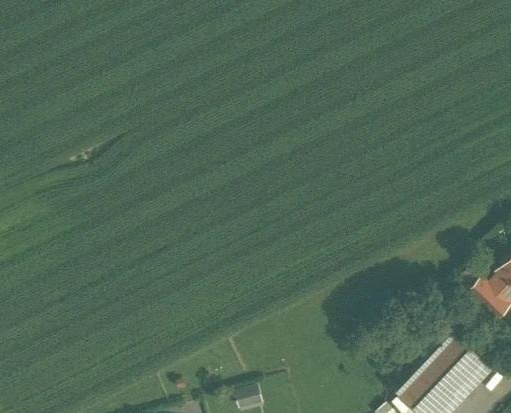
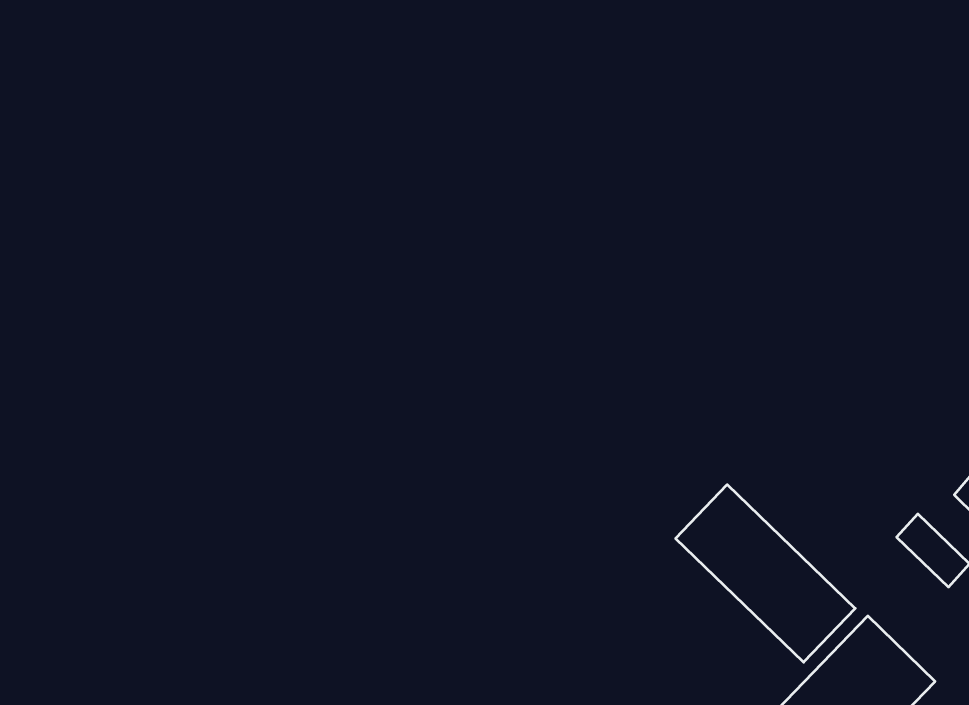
building: none -> [676,485,855,662]

